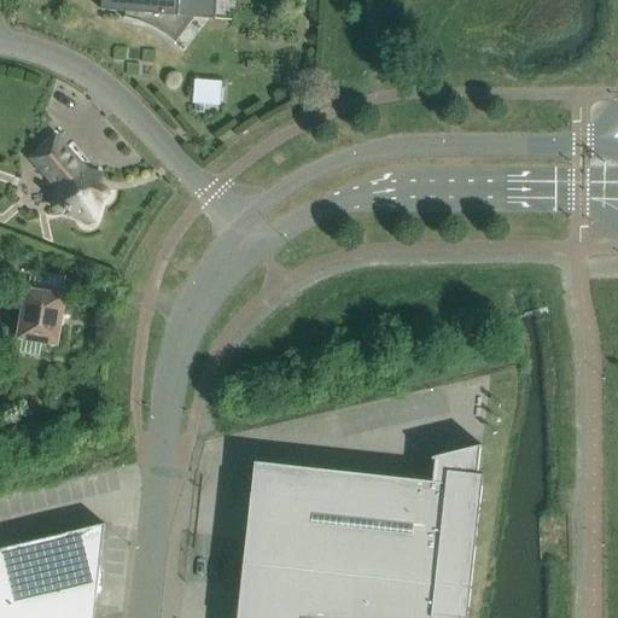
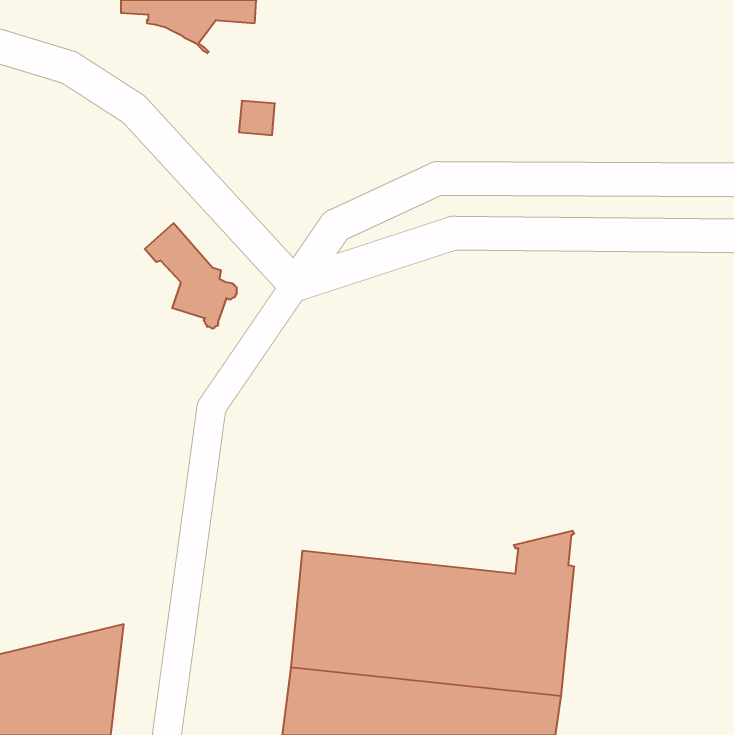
building: [30,136,107,225] -> [145,223,237,328]
building: [17,290,64,344] -> none

